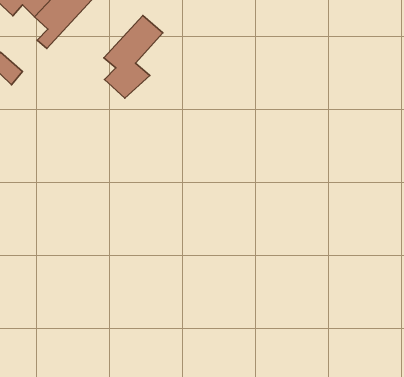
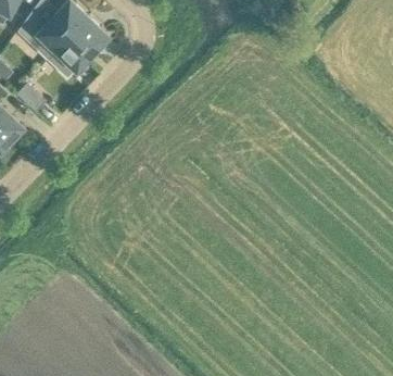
building: [104,16,163,98] -> none

